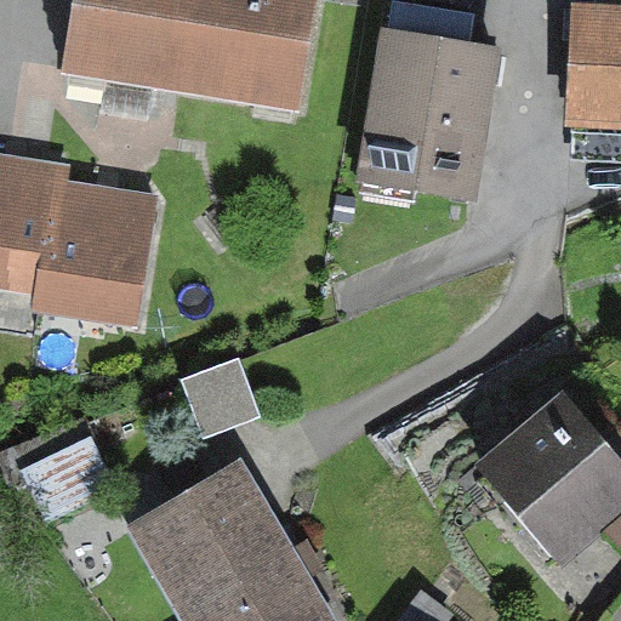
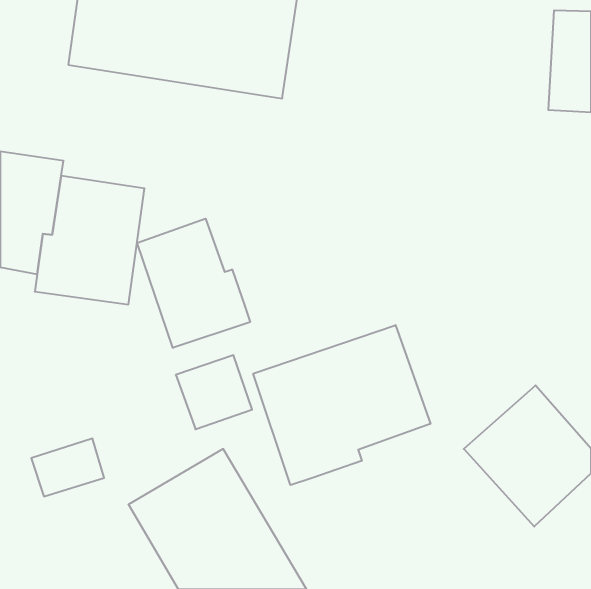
building: [364,34,494,192] -> none
building: none -> [137,219,250,348]
building: none -> [253,325,430,485]

